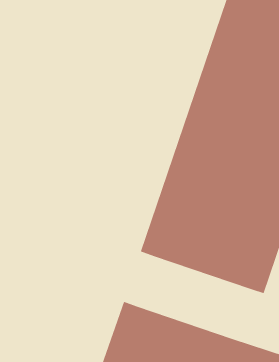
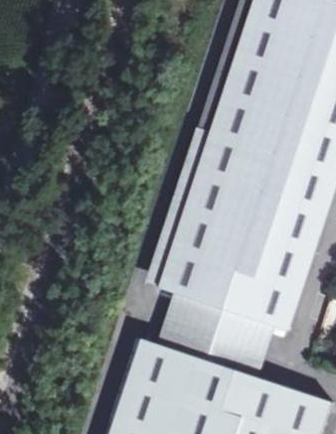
building: none -> [153,292,271,378]

